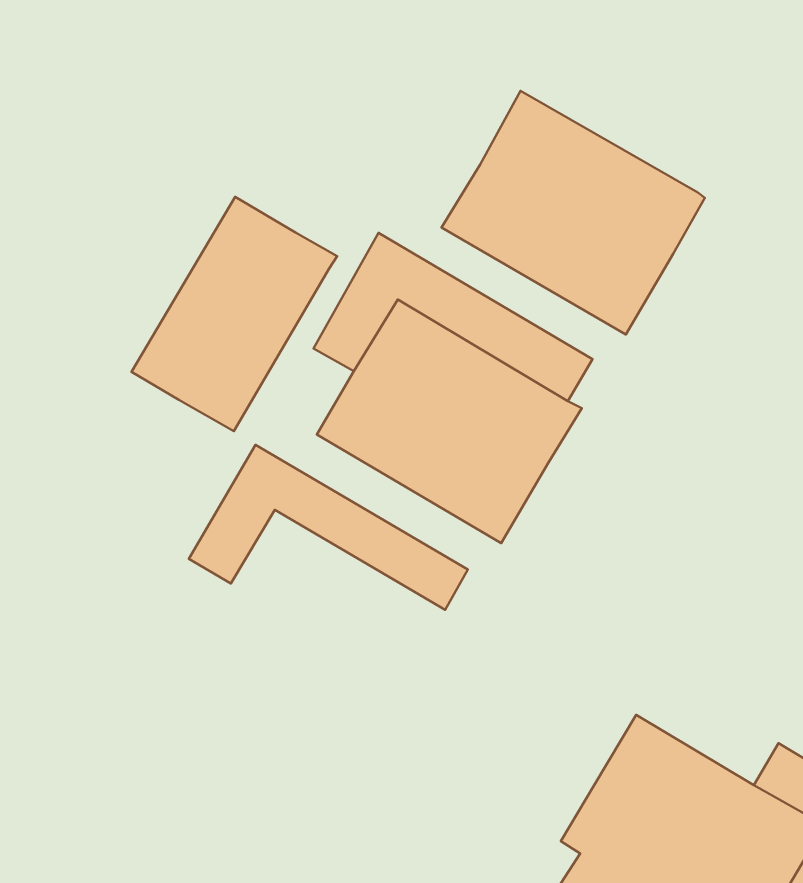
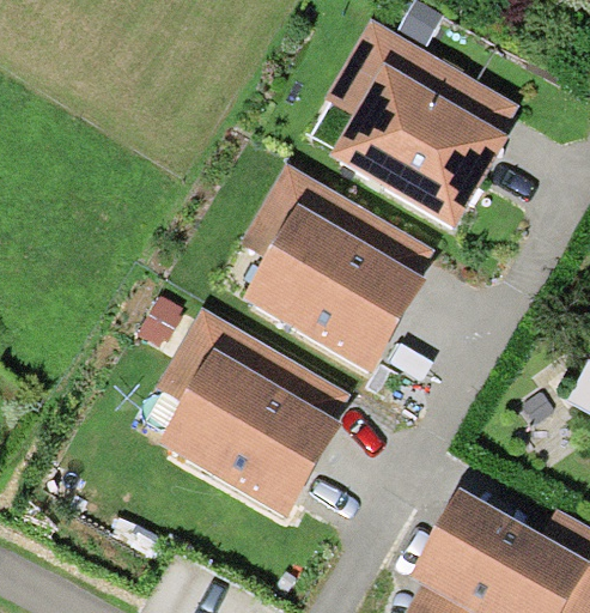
building: none -> [326,19,518,134]
building: [132,197,337,431] -> none
building: none -> [159,351,342,520]

